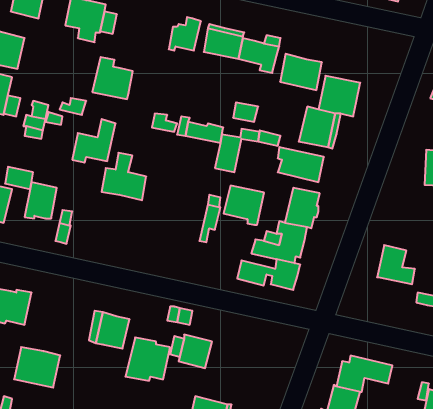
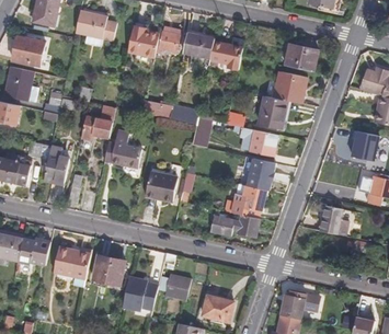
building: [280,54,322,90] -> [284,44,317,72]
building: [92,57,133,99] -> [127,22,159,55]
building: [224,186,264,225] -> [144,172,175,203]
building: [14,347,60,388] -> [53,246,89,278]
building: none -> [203,296,233,321]

